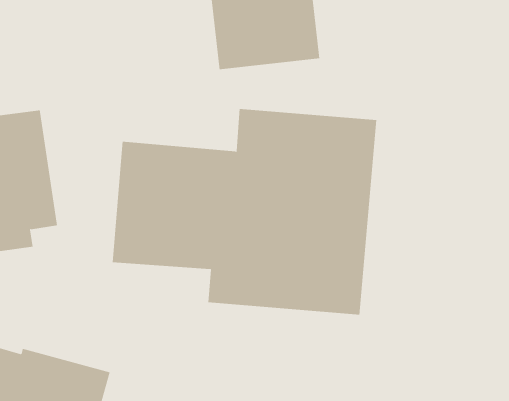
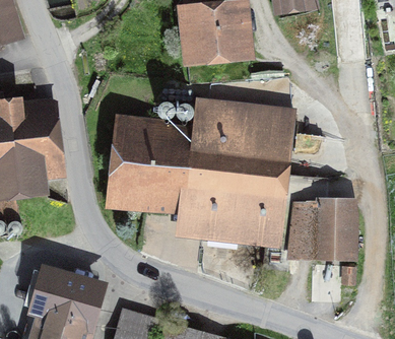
building: none -> [286,199,357,261]

